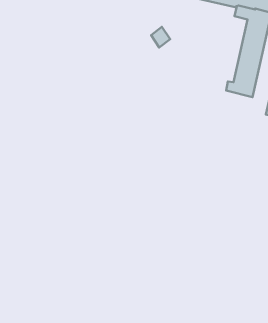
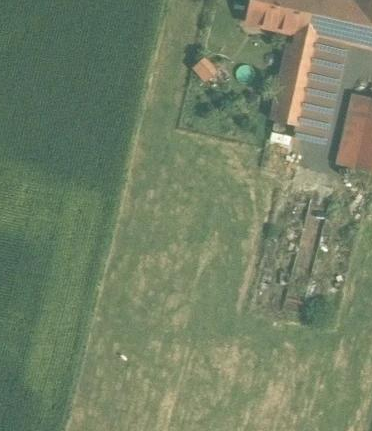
building: none -> [271,40,313,122]

